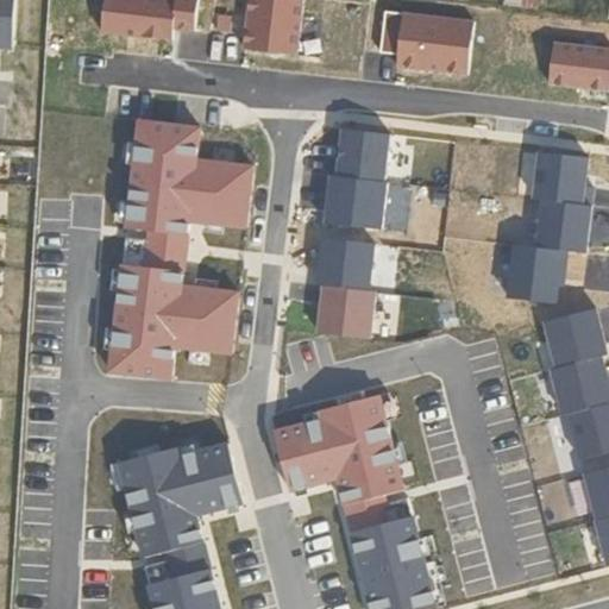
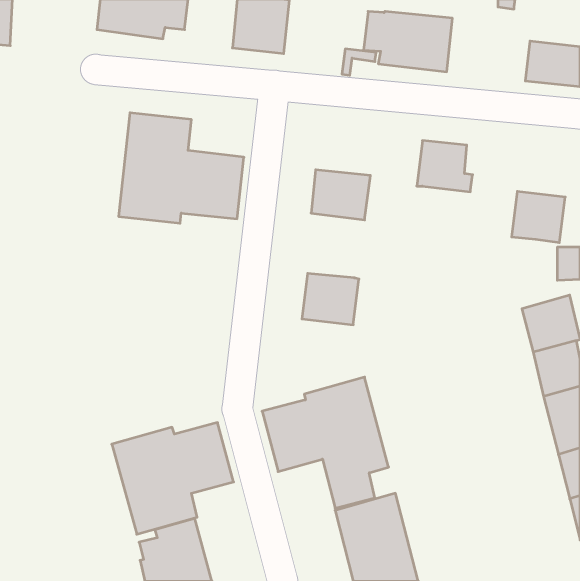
building: [337,128,390,182] -> none
building: [534,152,592,206] -> [417,141,473,192]
building: [106,230,240,381] -> none
building: [316,238,375,290] -> none
building: [506,245,559,301] -> none

